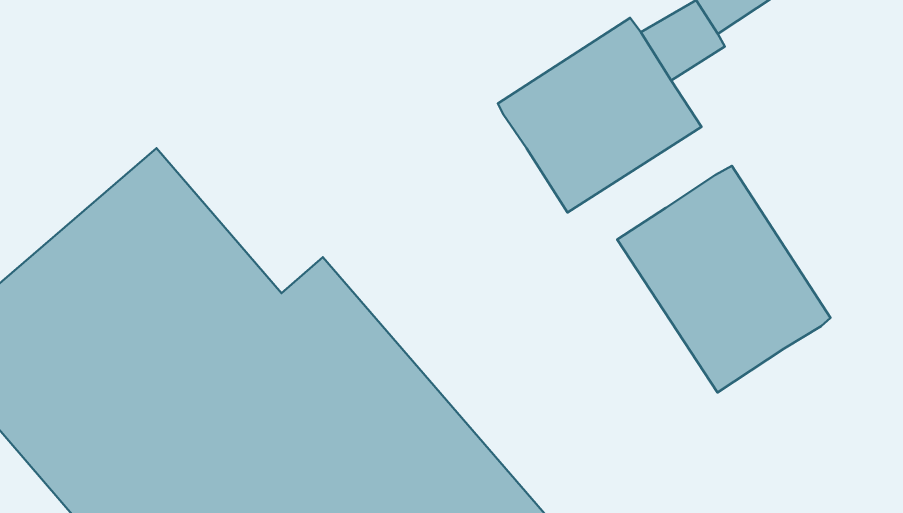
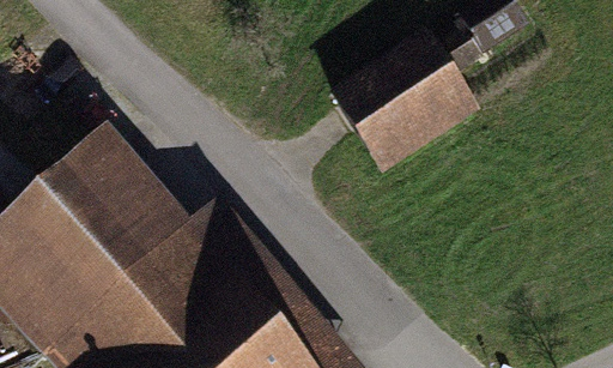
building: [617,166,831,392] -> none

